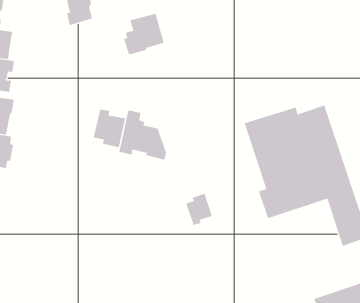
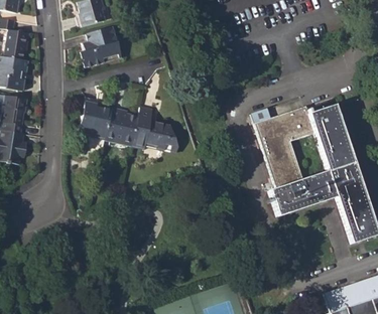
building: [123,13,164,55] -> [81,26,121,67]
building: none -> [81,102,112,141]
building: [185,193,213,226] -> none

